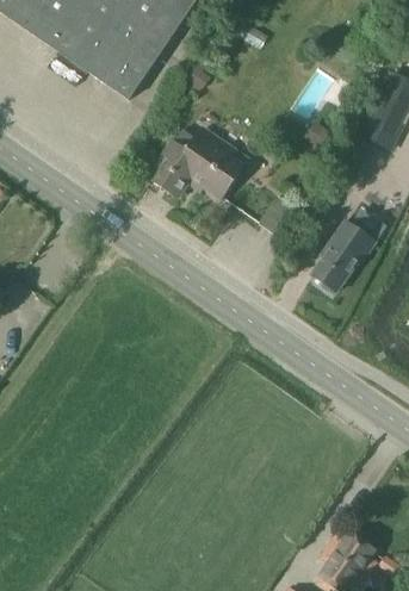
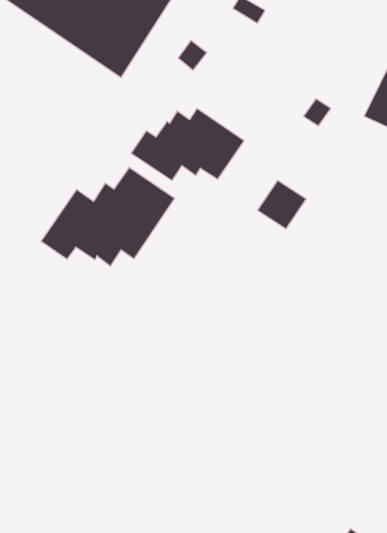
building: none -> [41,167,175,266]
building: [311,220,374,291] -> none

